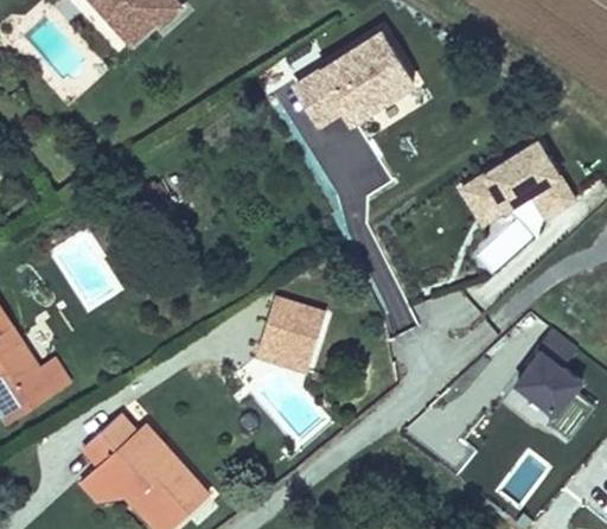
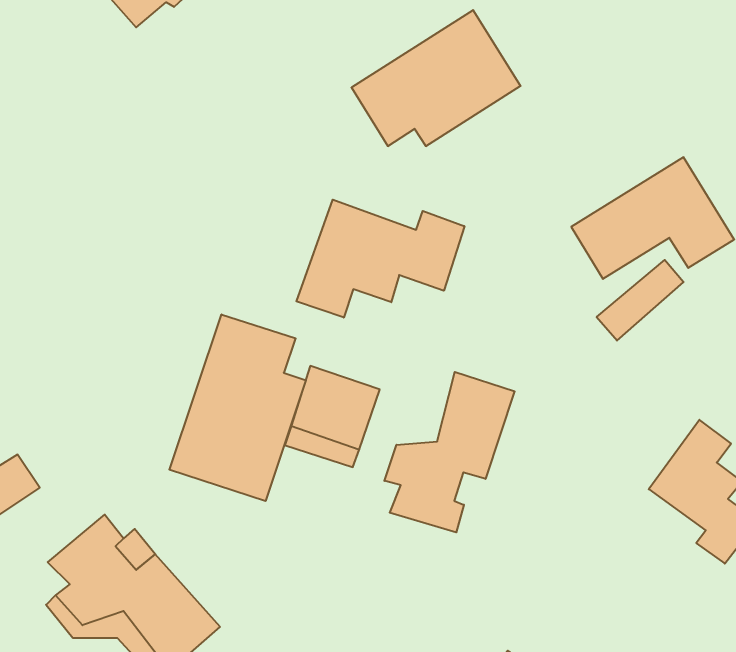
building: none -> [296,200,464,318]
building: none -> [169,314,306,501]
building: none -> [384,372,515,532]

